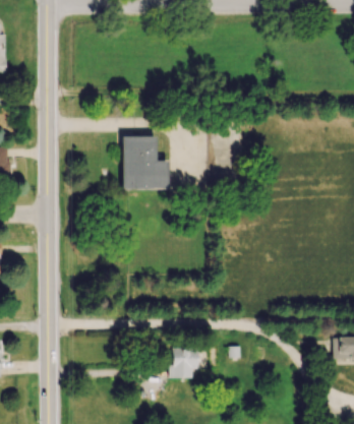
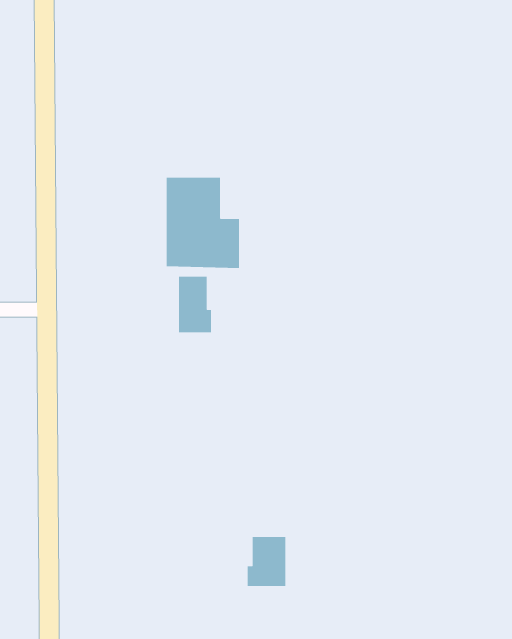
building: none -> [178,276,212,333]

